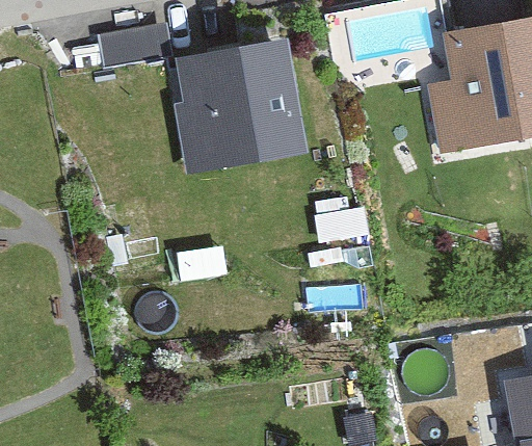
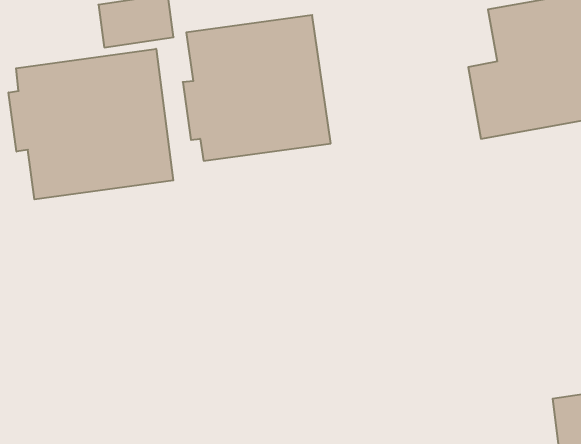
building: none -> [9,49,173,199]

